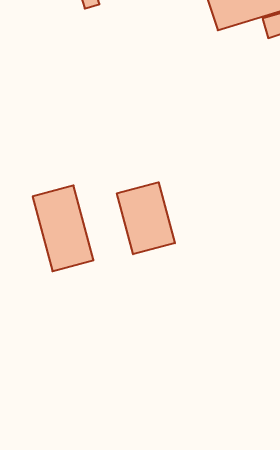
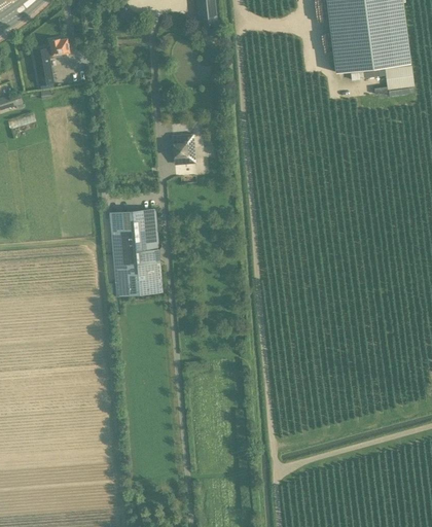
building: none -> [173,135,195,163]
building: [117,182,175,254] -> none

